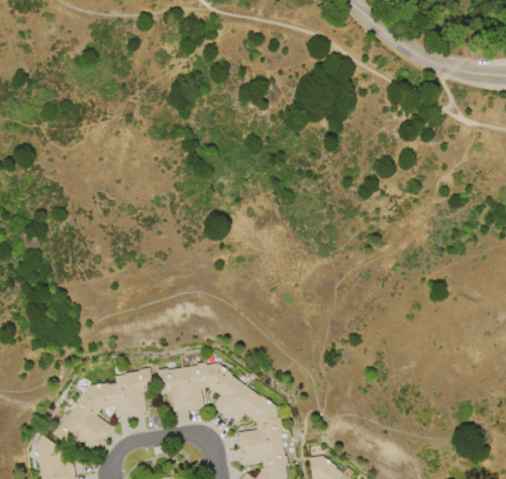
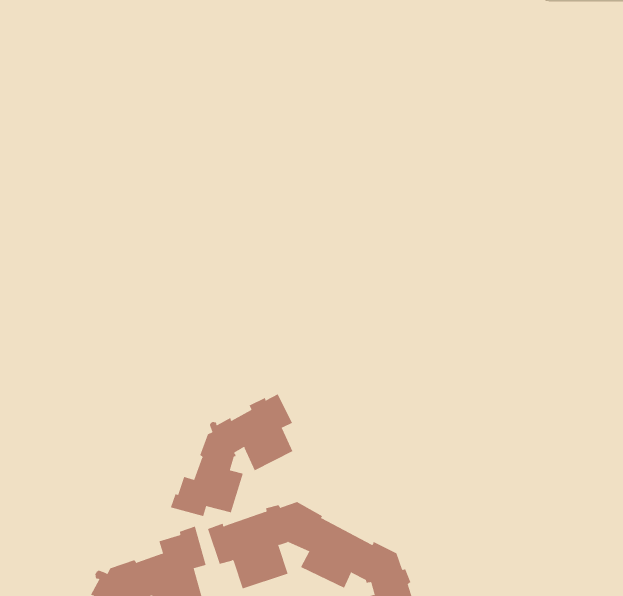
building: none -> [170,394,293,517]

